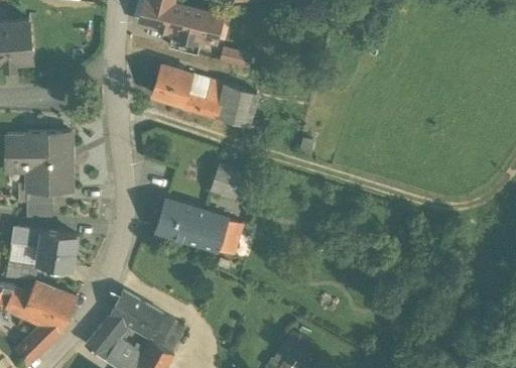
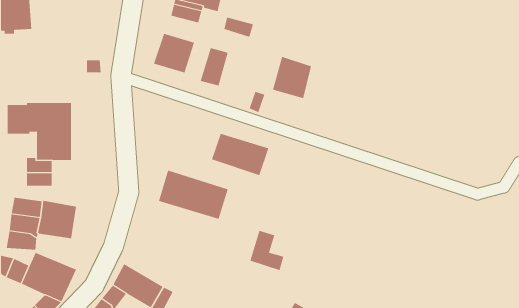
building: [181,74,209,112] -> none
building: [218,84,257,126] -> [272,56,312,99]
building: [218,219,252,259] -> [250,230,284,271]

